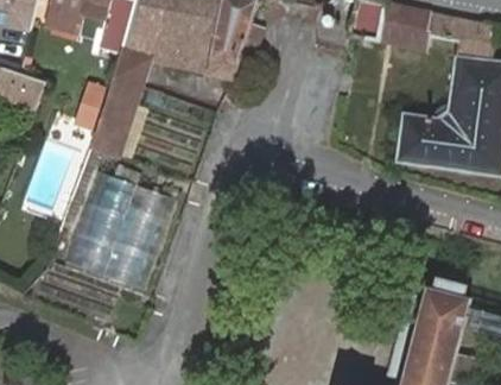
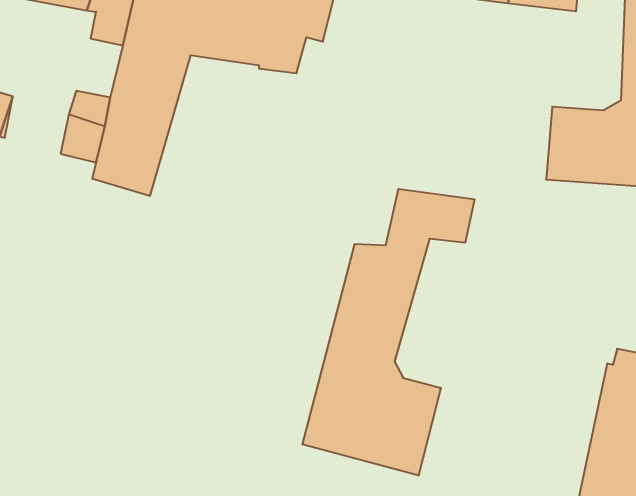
building: none -> [303,189,475,476]
building: [58,170,170,290] -> none

